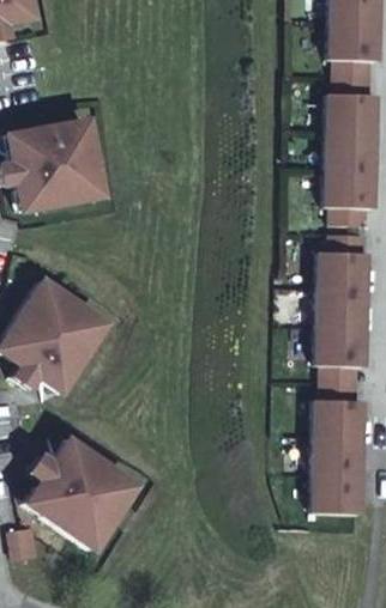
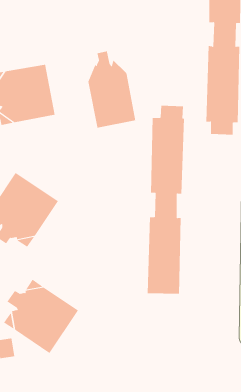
building: none -> [88,51,136,128]
building: [312,233,368,513] -> [147,105,185,294]

